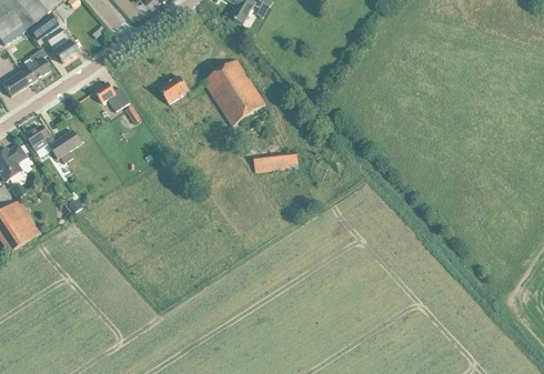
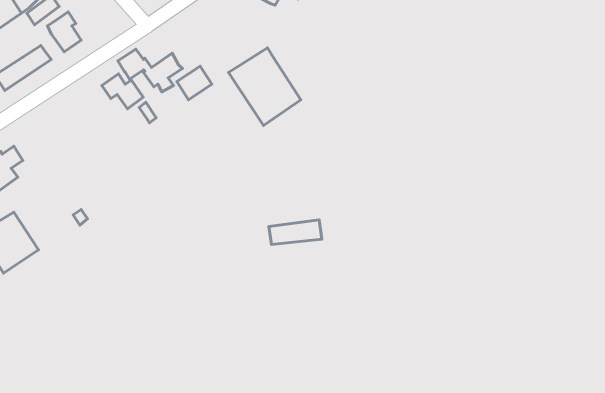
building: [26,125,81,162] -> [118,49,182,92]
building: [252,151,298,172] -> [269,220,322,244]

